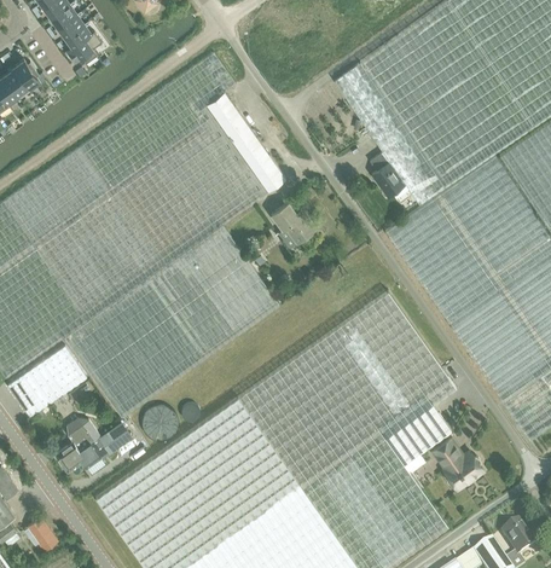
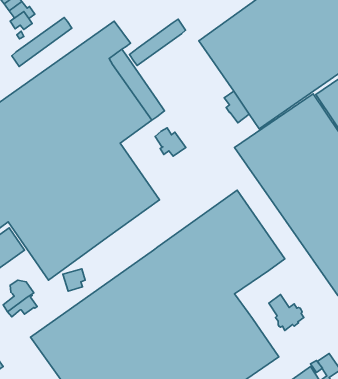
building: none -> [12,17,72,67]
building: none -> [130,19,186,65]
building: [384,405,451,473] -> none
building: [95,421,133,456] -> none

